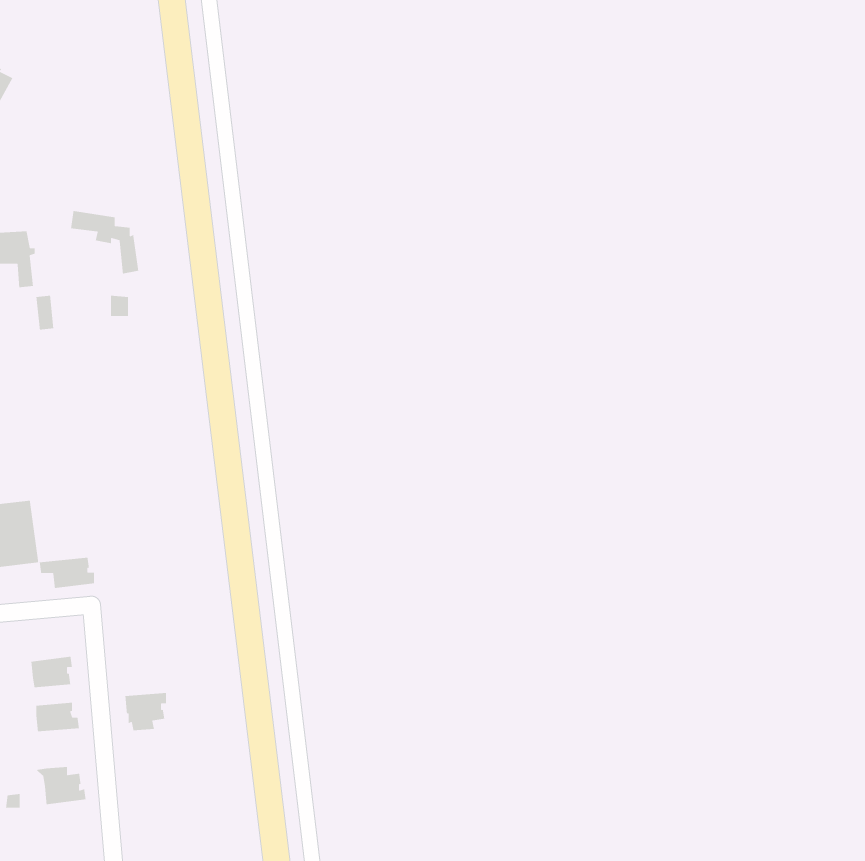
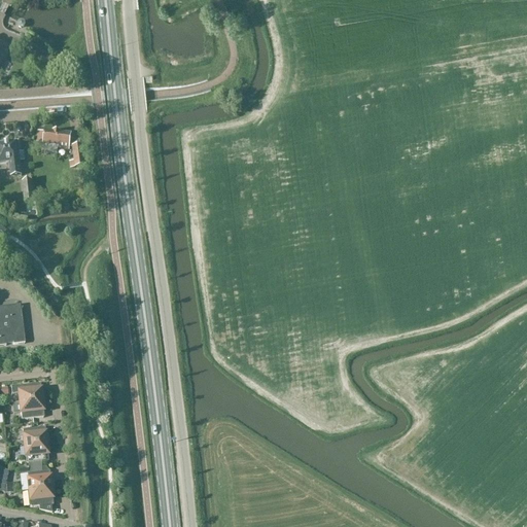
building: [39,557,95,589] -> [9,382,43,401]
building: [124,692,167,731] -> [23,443,48,466]
building: none -> [24,486,54,512]

